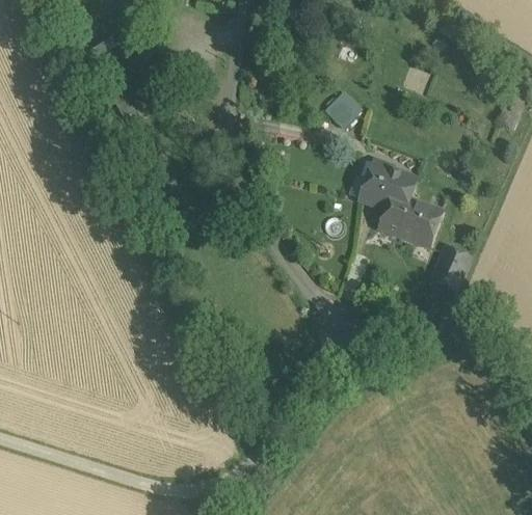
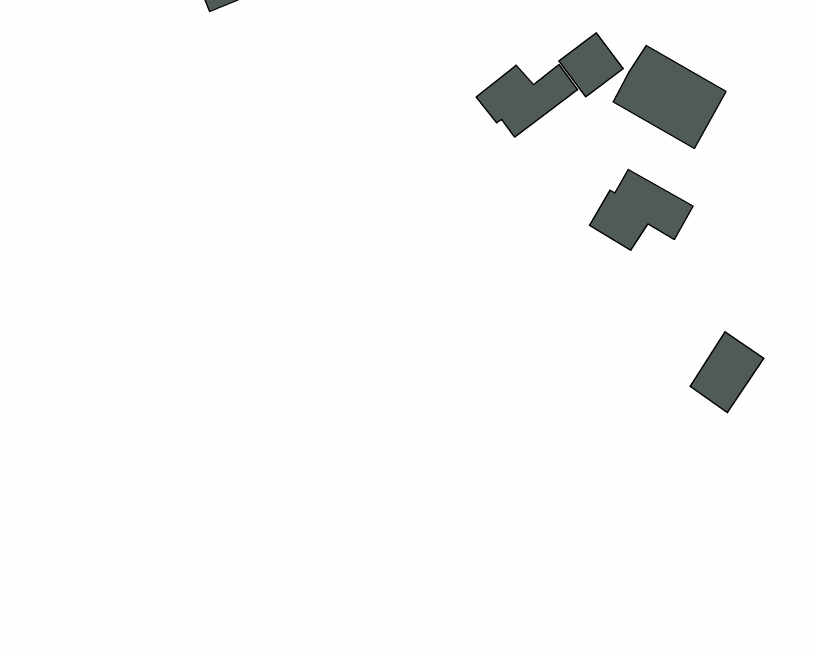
building: none -> [476,65,578,137]
building: [377,193,441,247] -> [613,45,726,148]

